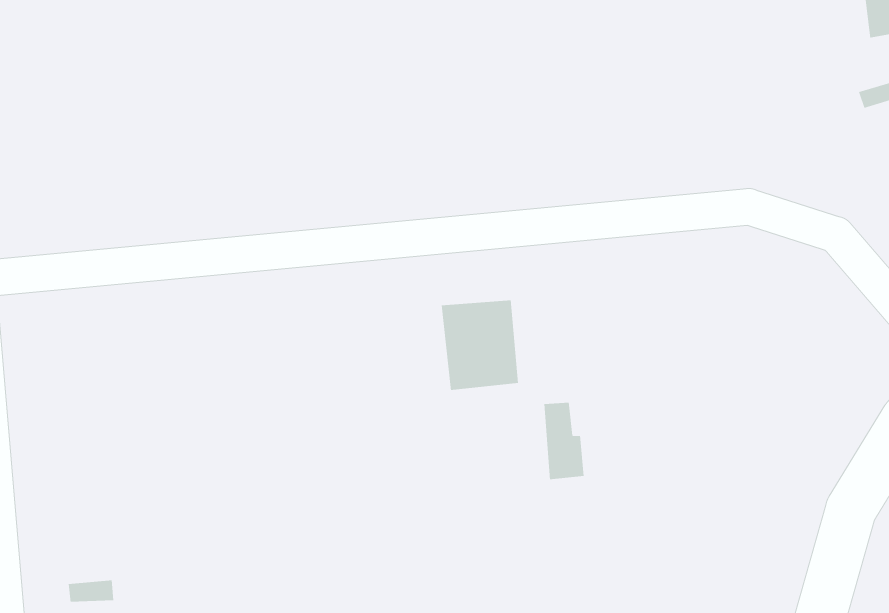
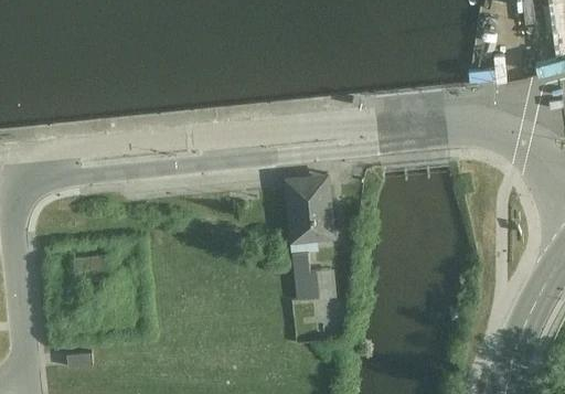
building: [544,402,584,480] -> [295,253,319,299]

